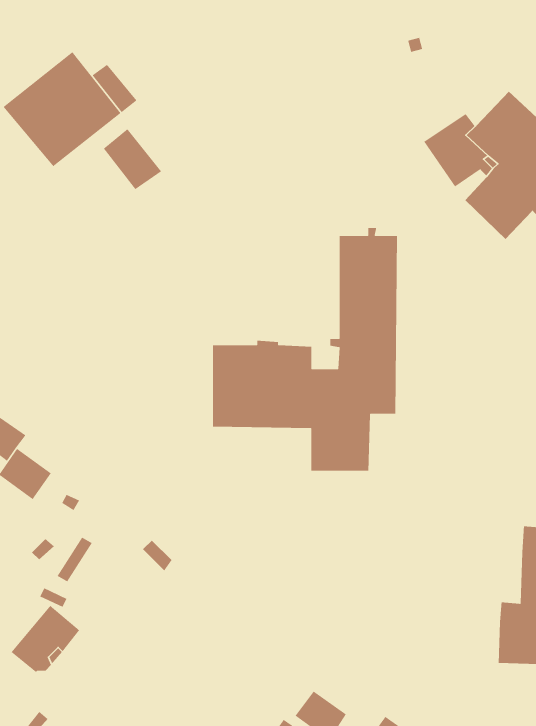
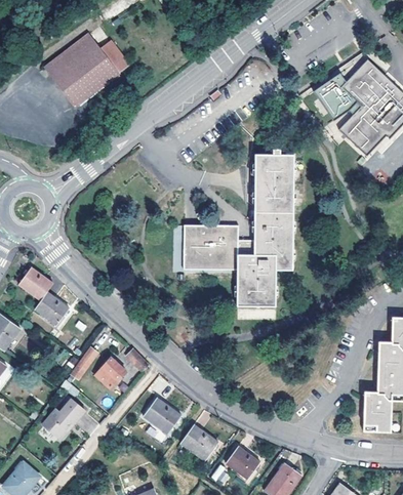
building: [103,128,162,190] -> none
building: none -> [95,357,126,387]
building: none -> [145,399,182,435]
building: none -> [180,424,218,460]

